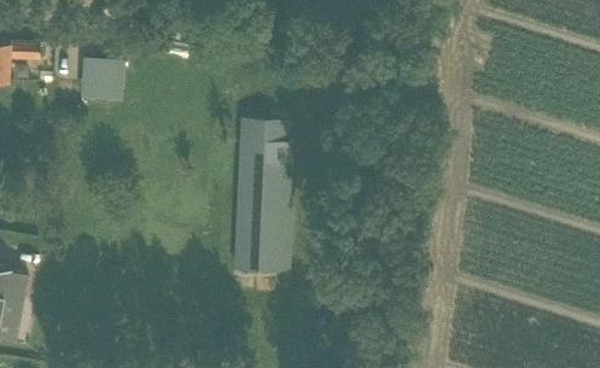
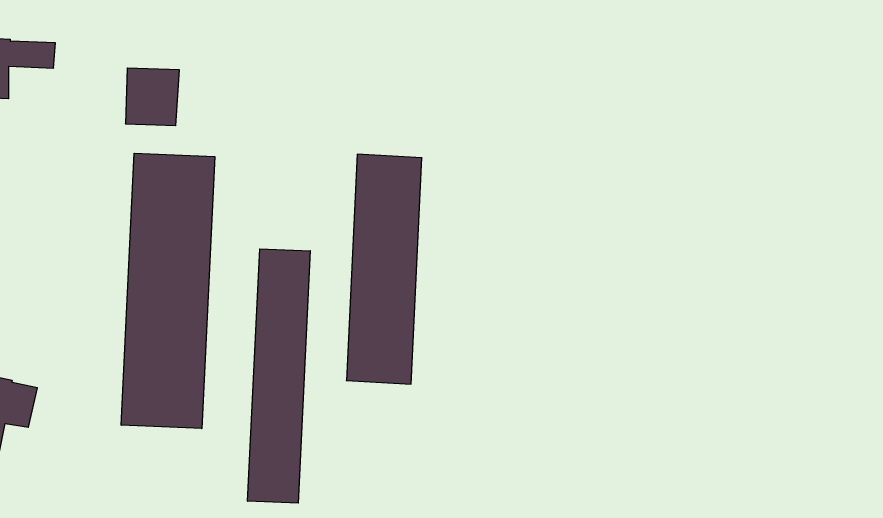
building: none -> [121,153,215,429]
building: none -> [248,249,310,503]

